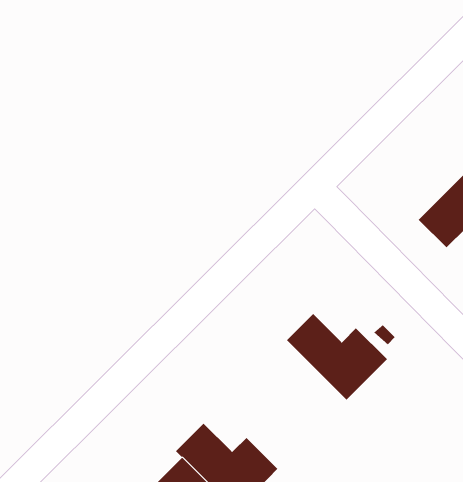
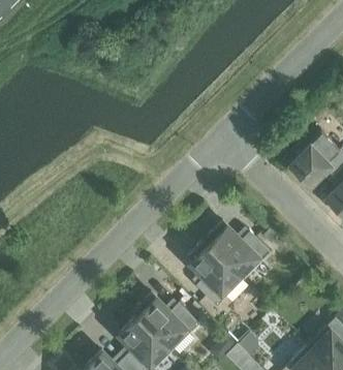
building: none -> [186,241,244,307]

